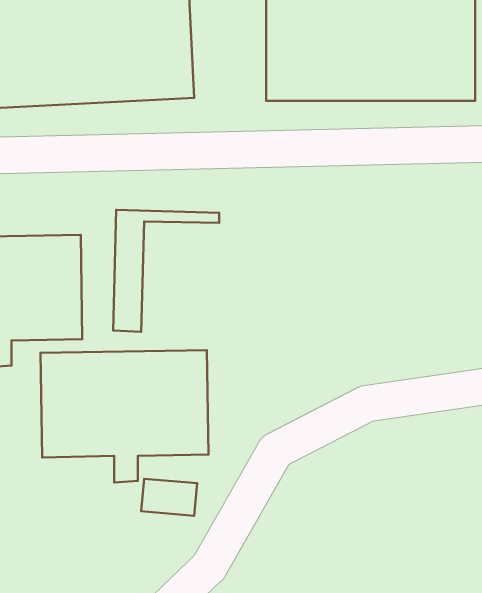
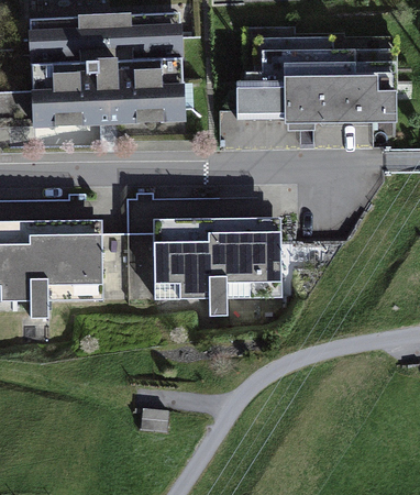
building: [41,350,208,482] -> [154,219,279,318]

